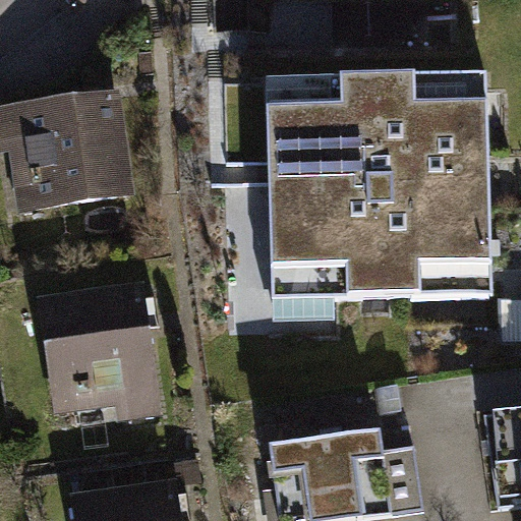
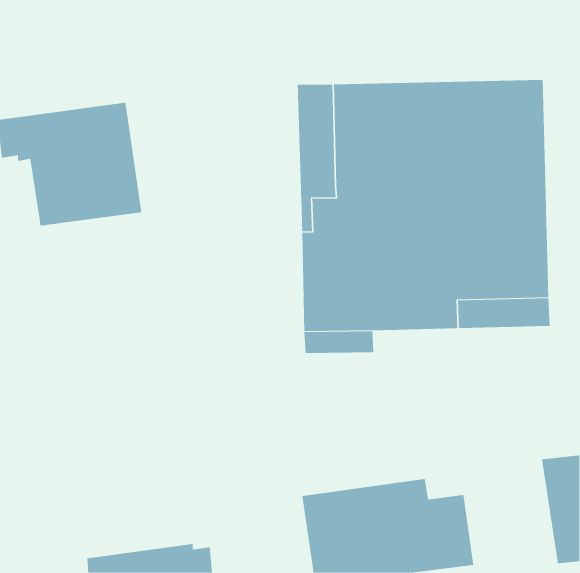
building: [45,290,160,405] -> none

